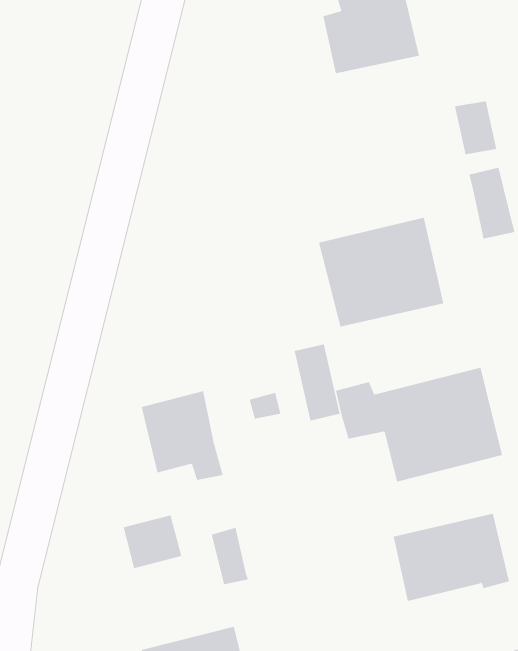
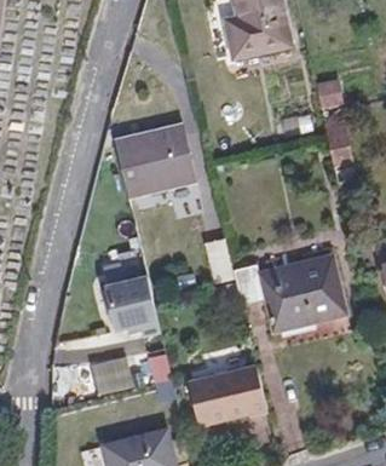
building: [318,217,444,327] -> [113,123,197,197]
building: [393,513,510,601] -> [189,363,267,422]

